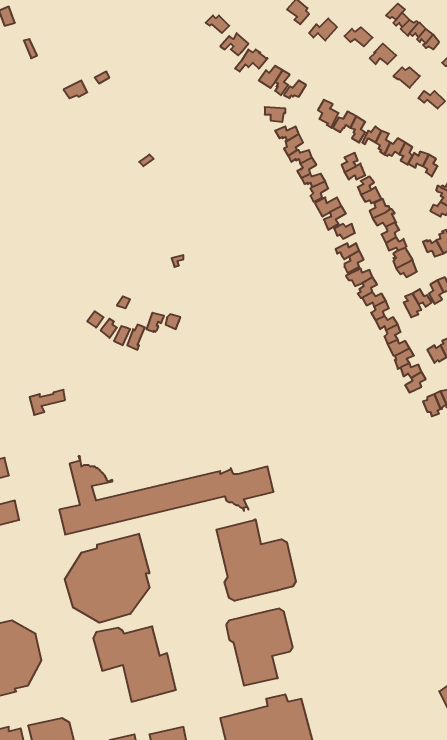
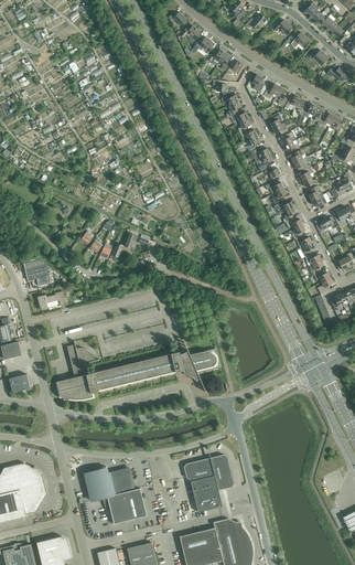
building: none -> [23,260,50,286]
building: [216,519,296,601] -> none
building: [65,534,150,623] -> none

